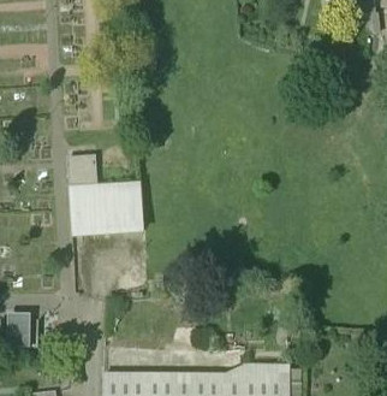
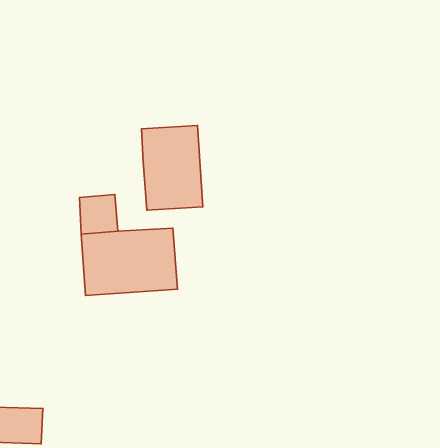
building: none -> [142,126,203,210]

